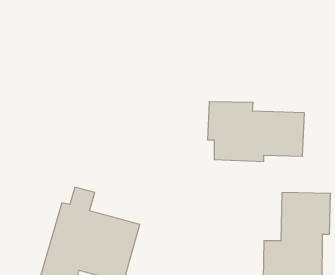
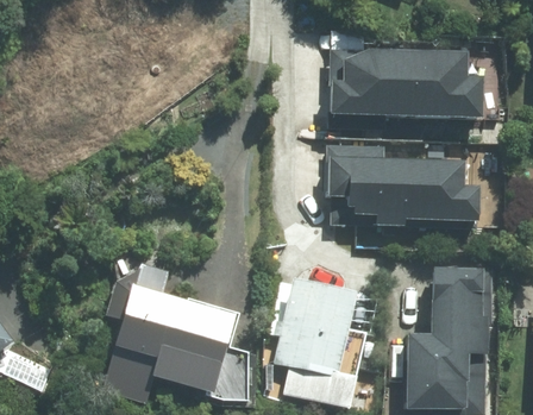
building: none -> [327,50,483,127]
building: none -> [276,278,357,375]

